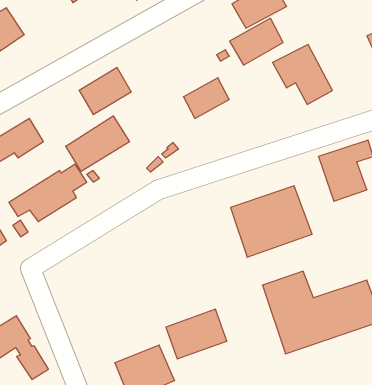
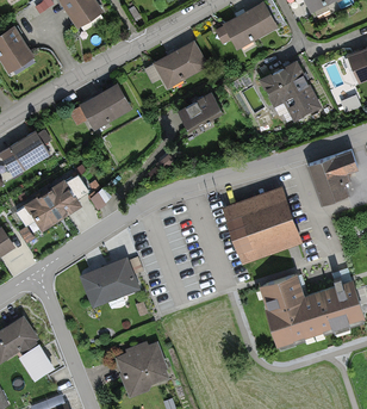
building: [230,18,283,65] -> [155,43,205,87]
building: [66,116,129,172] -> none
building: [166,309,227,359] -> [79,261,136,308]

